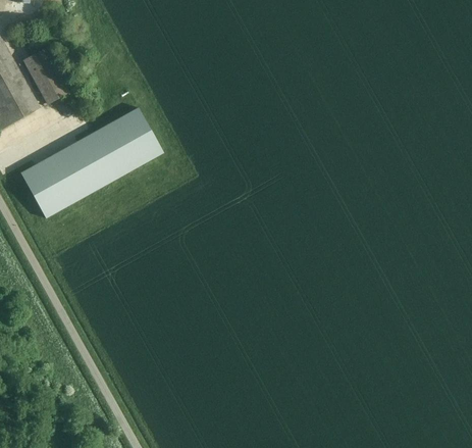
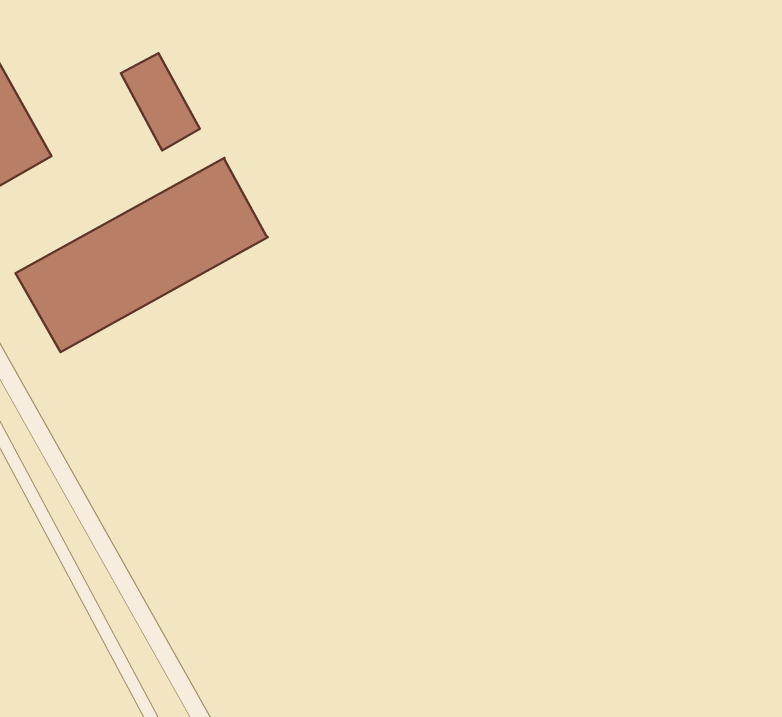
building: [22,49,67,104] -> [121,53,200,151]

